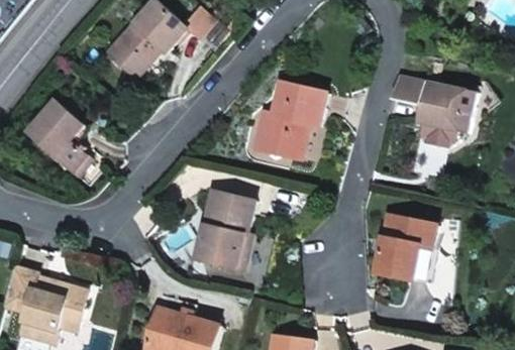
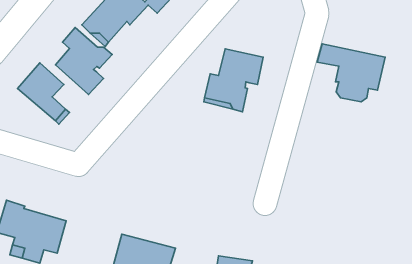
building: none -> [56,27,112,94]
building: [195,191,254,269] -> none
building: [376,214,437,280] -> none

